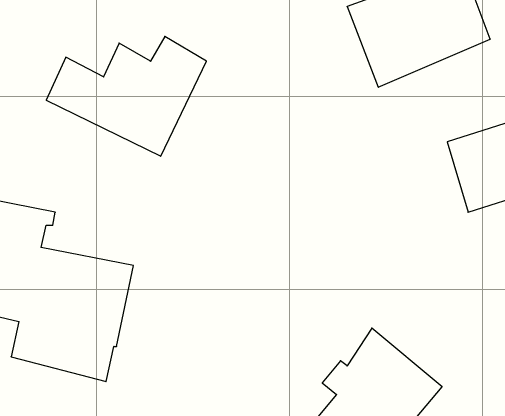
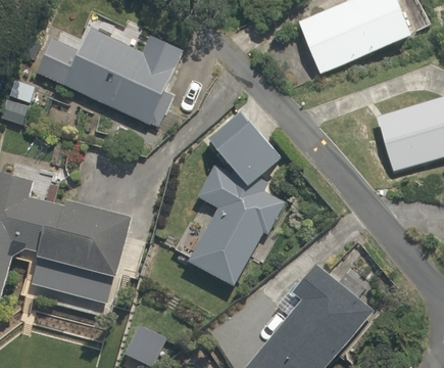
building: none -> [172,111,289,286]

